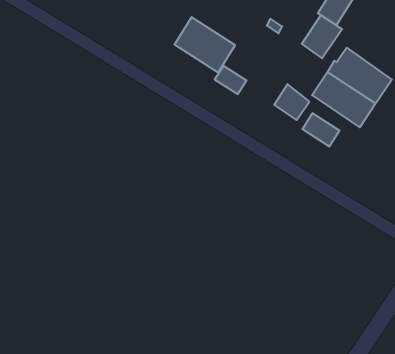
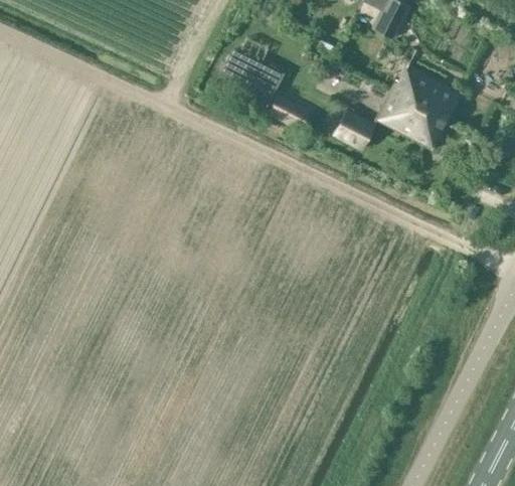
building: [302,15,342,58] -> none
building: [302,113,339,147] -> none

